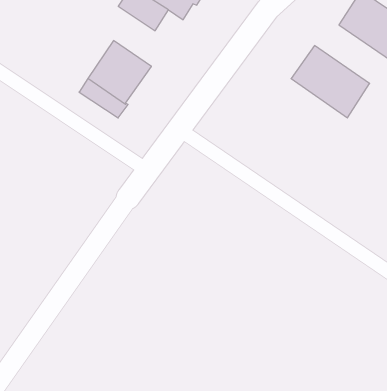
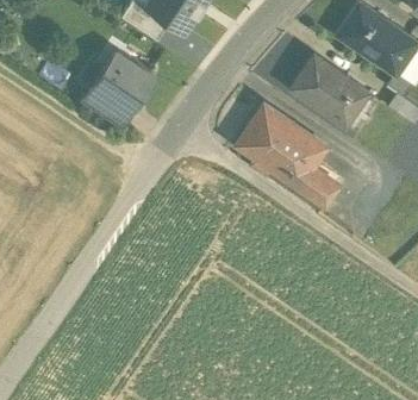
building: none -> [237,104,337,202]

